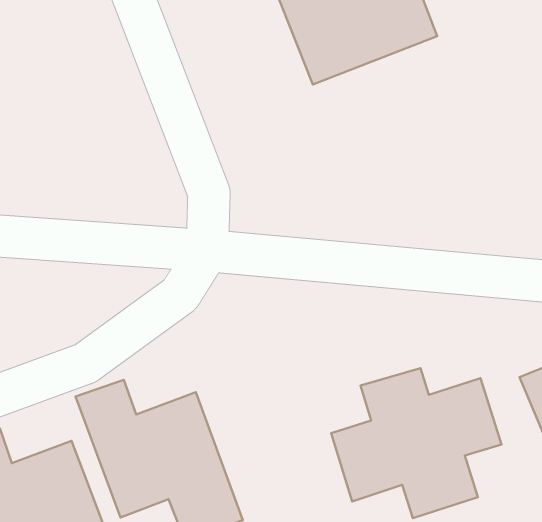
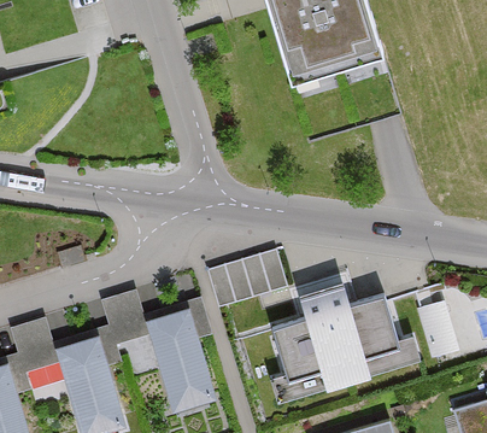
building: none -> [205,251,284,308]

